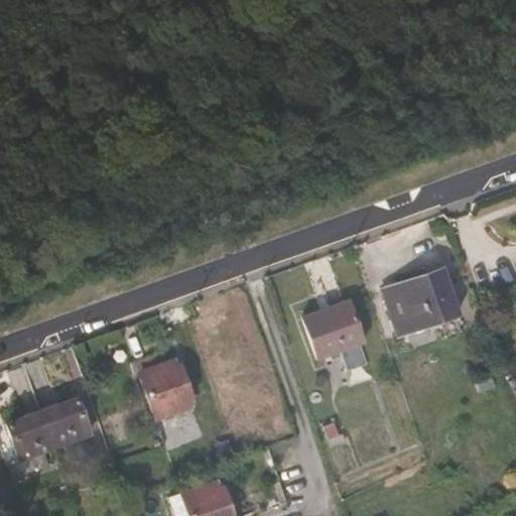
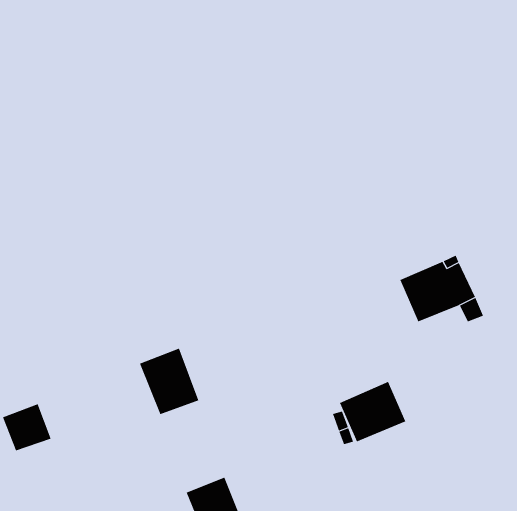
building: [308,303,374,363] -> [339,381,406,442]
building: [37,397,86,444] -> none

